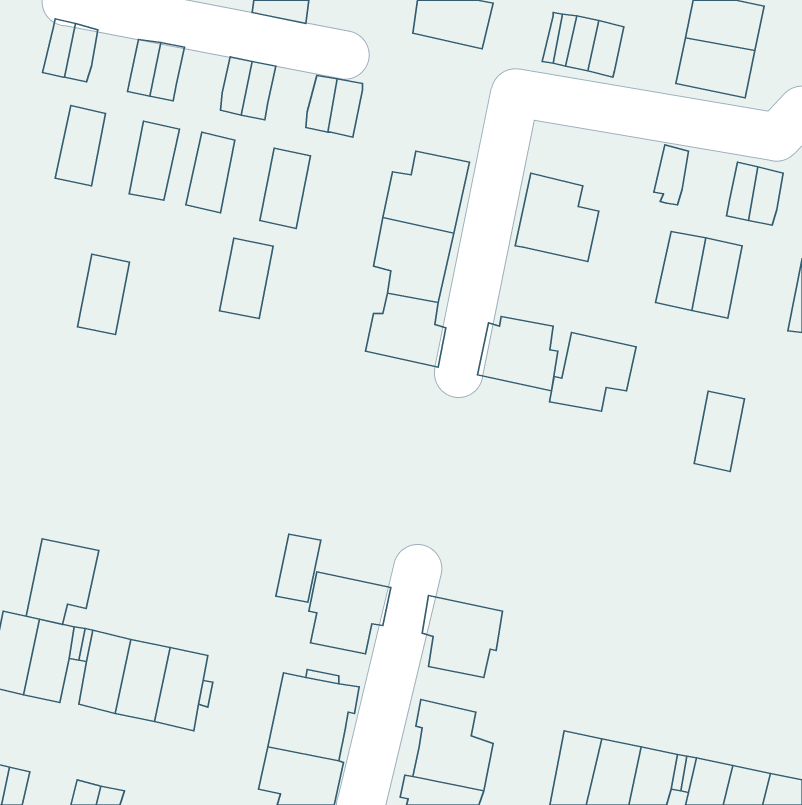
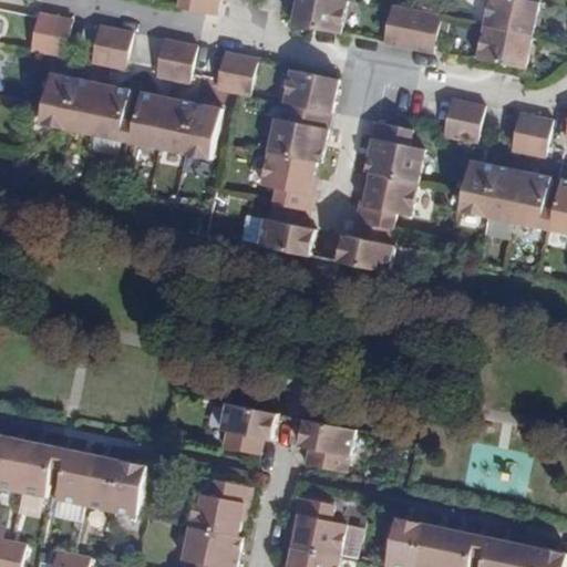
building: none -> [281,70,337,114]
building: [220,238,273,319] -> [155,99,193,155]
building: [78,254,130,335] -> [64,80,101,136]
building: [549,333,636,411] -> [352,174,413,229]
building: [694,391,744,471] -> [512,173,547,229]
building: [276,534,321,602] -> none
building: [26,539,99,624] -> none

